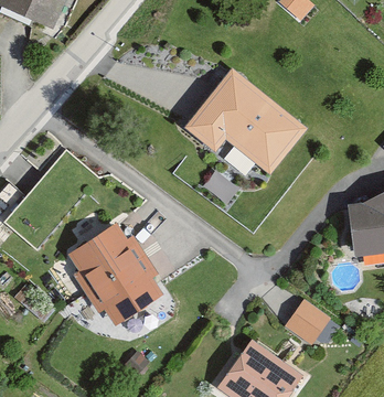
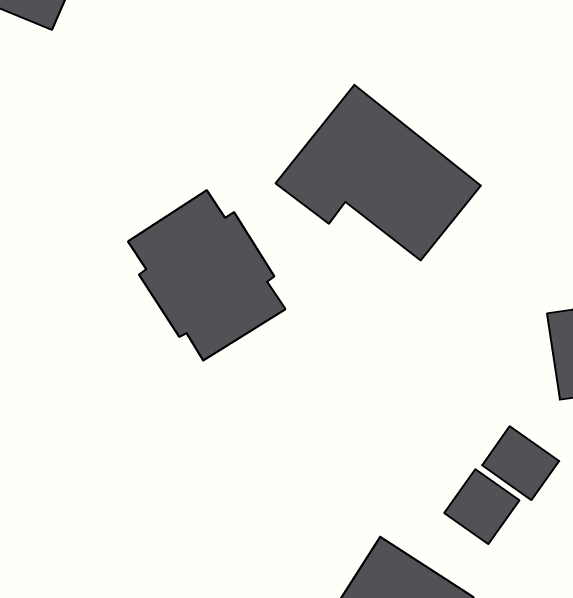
building: [70,222,164,324] -> [128,190,285,361]
building: none -> [482,426,559,500]

